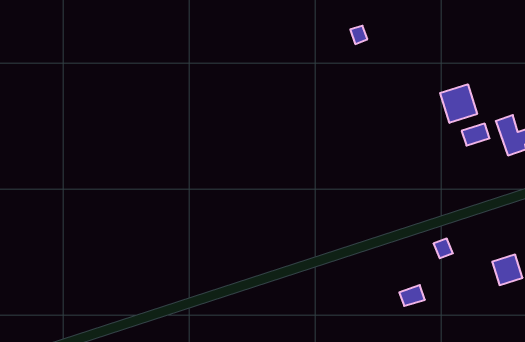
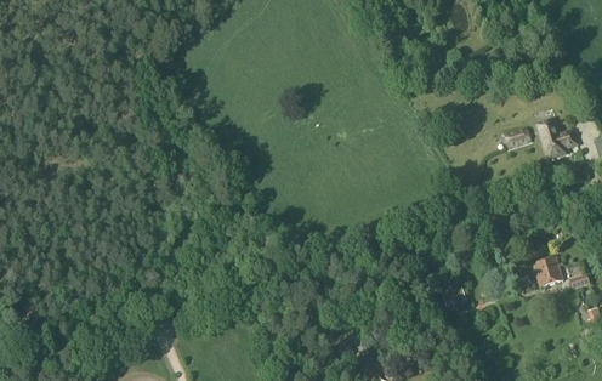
building: [440,84,477,123] -> none

